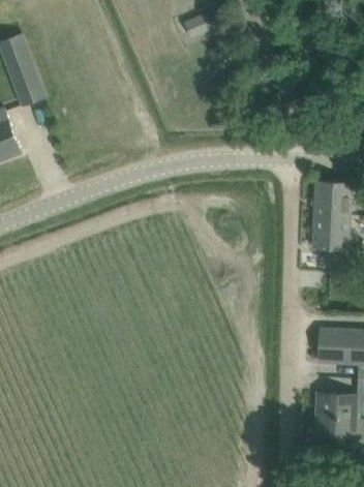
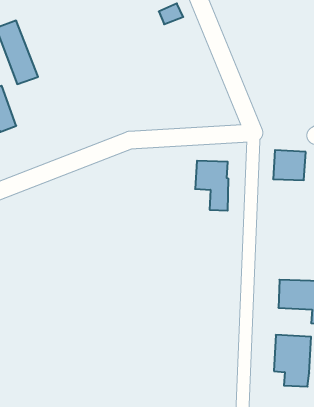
building: [311,213,350,270] -> [195,161,229,211]

